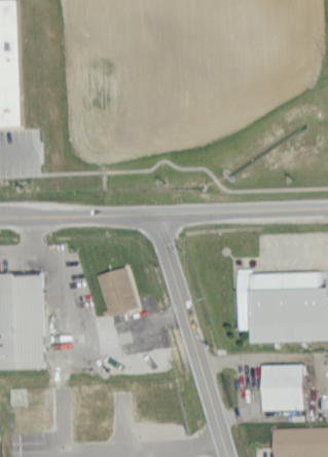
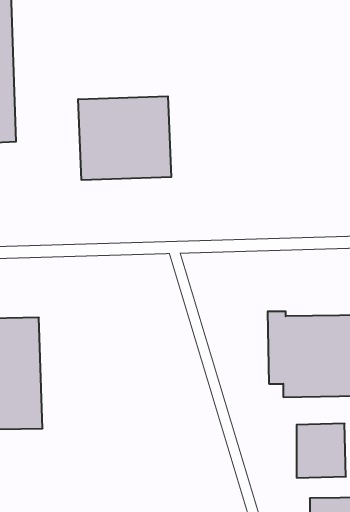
building: none -> [78,96,171,180]
building: [98,267,138,316] -> none

